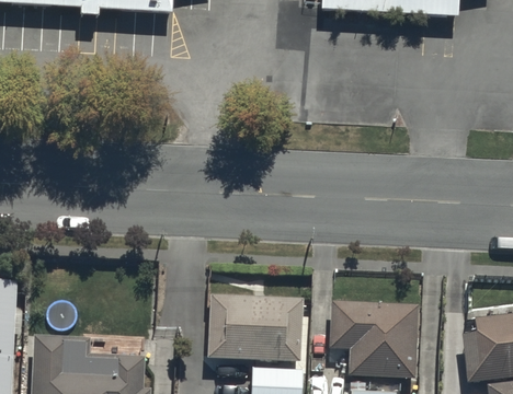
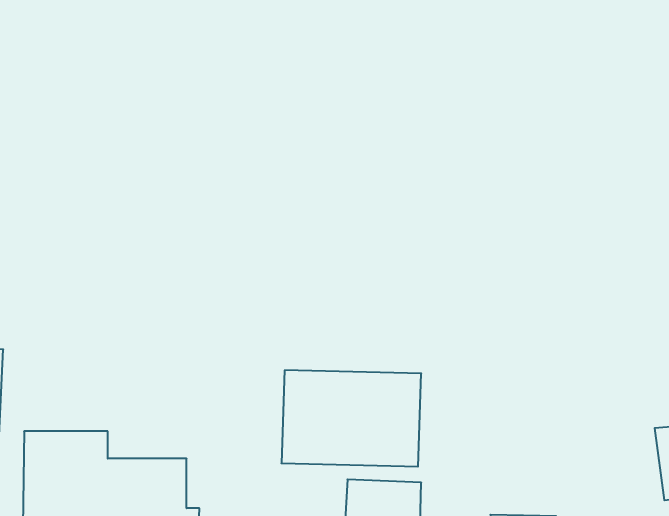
building: [329,300,417,376] -> none

